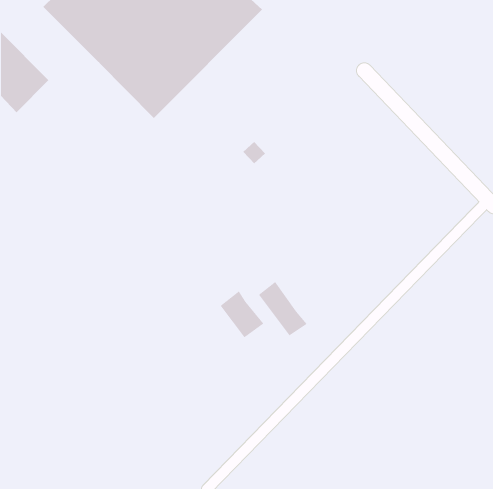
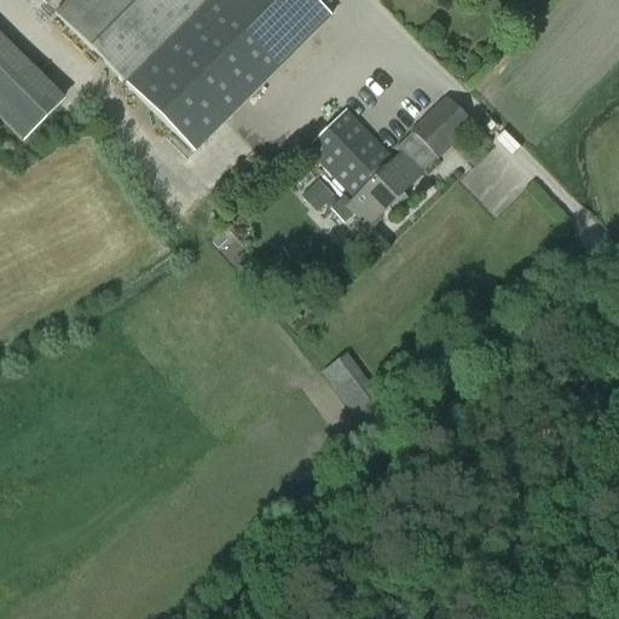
building: none -> [307,92,474,224]
building: [220,290,264,338] -> none

